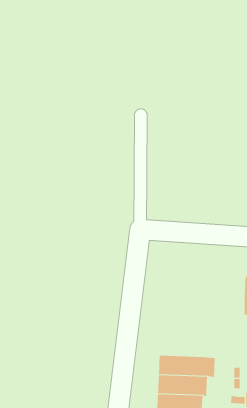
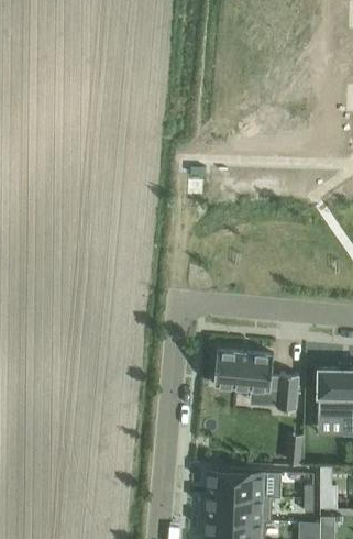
building: none -> [213,351,298,411]

